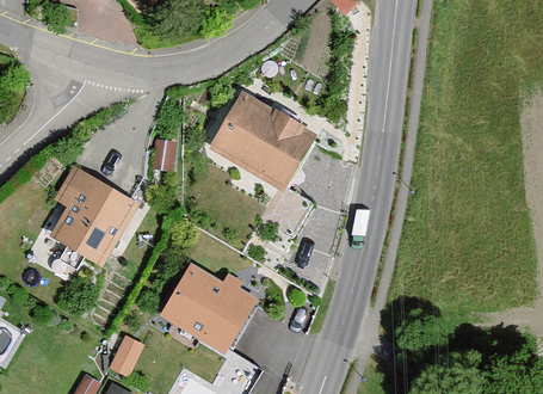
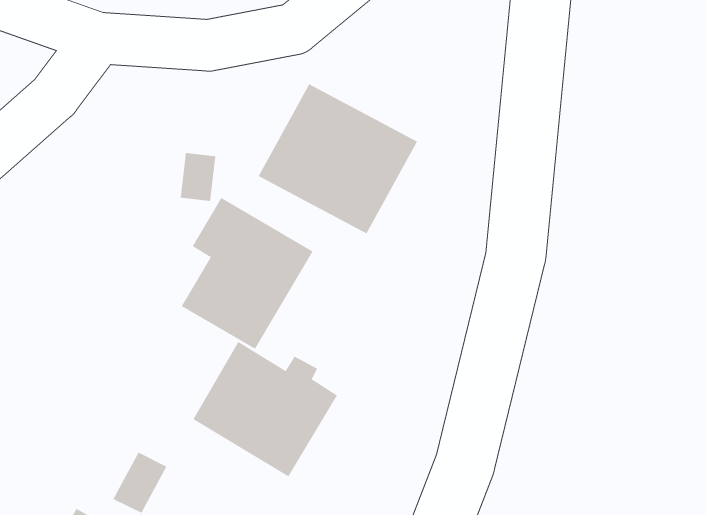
building: [45,168,132,269] -> [181,197,313,350]

